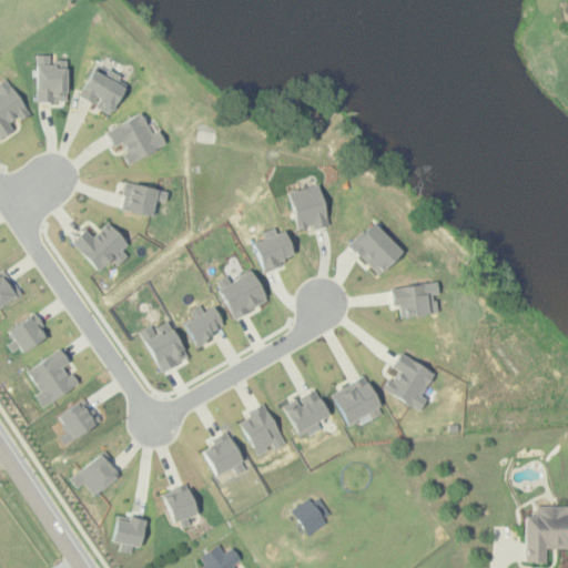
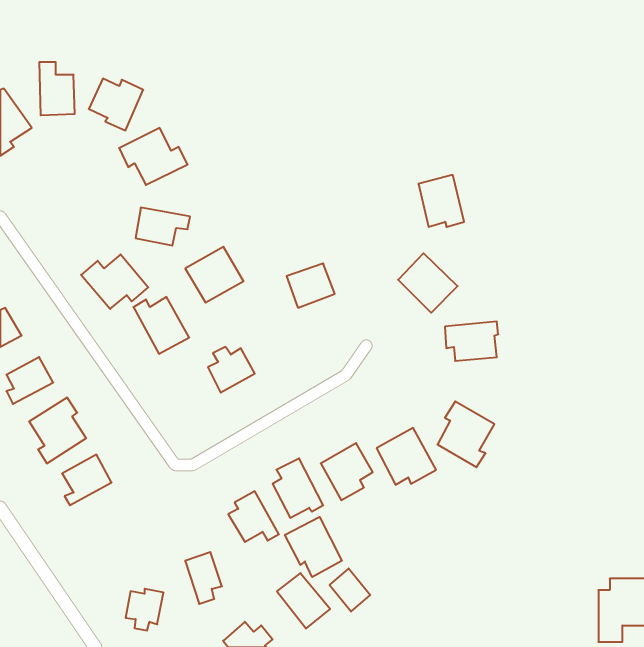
building: [290,183,329,229] -> [418,175,464,227]
building: [219,270,270,318] -> [185,247,244,303]
building: [141,322,190,372] -> [133,297,189,354]
building: [70,452,122,495] -> none
building: none -> [285,517,342,577]
building: none -> [277,573,330,629]

